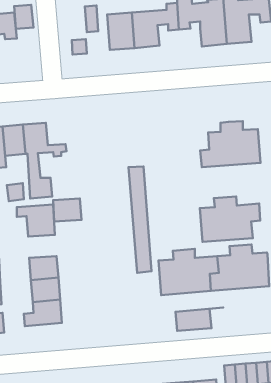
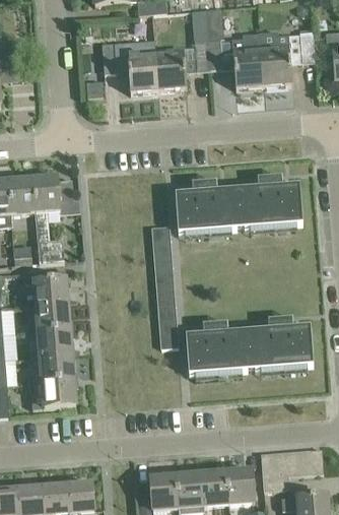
building: [14,5,33,29] -> none
building: [200,196,260,242] -> [175,179,244,231]
building: [53,198,82,221] -> [37,304,69,330]
building: [176,308,223,331] -> none

